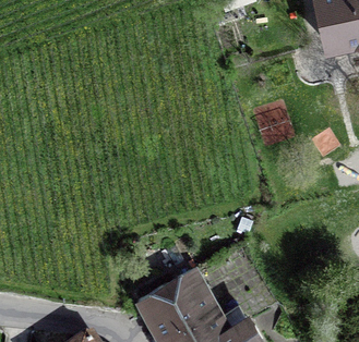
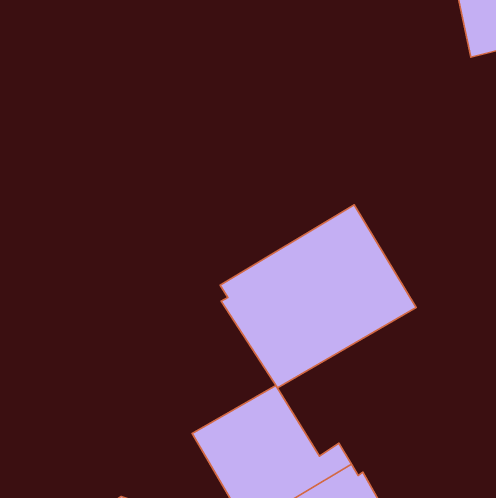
building: none -> [220,205,416,388]

